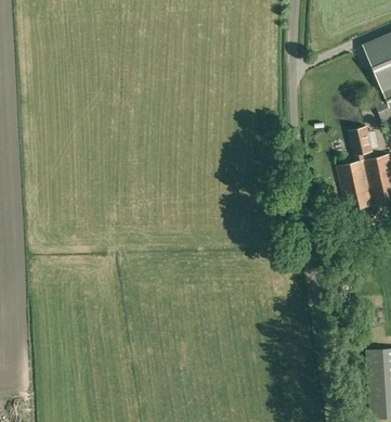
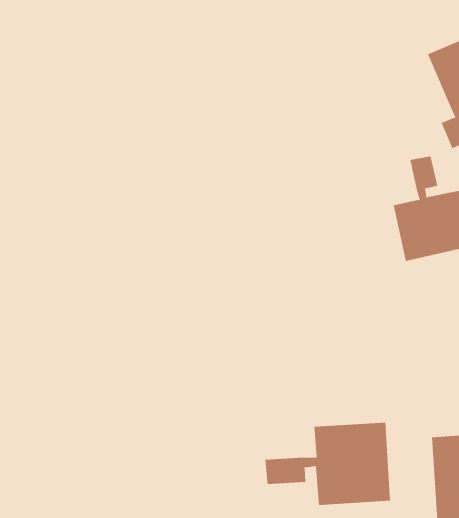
building: none -> [265,422,390,506]

